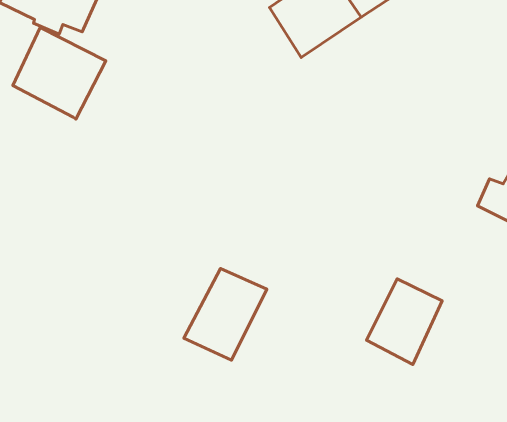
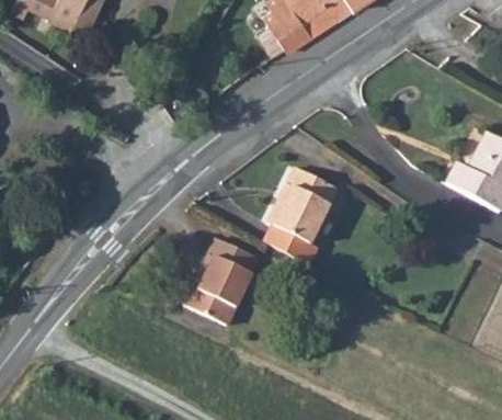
building: [13,27,106,119] -> none
building: [366,279,442,365] -> [264,168,332,245]

